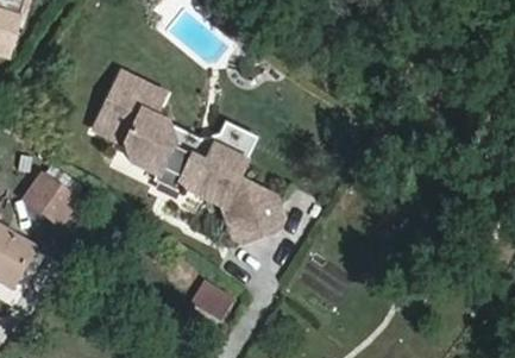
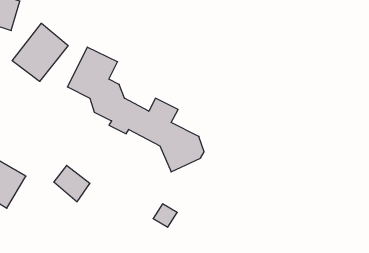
building: none -> [12,23,68,81]
building: [27,174,77,224] -> [54,165,90,202]

